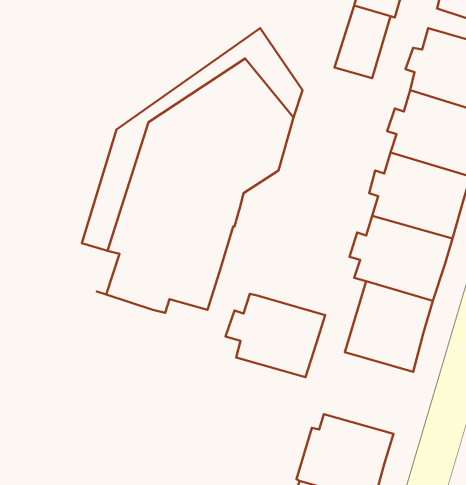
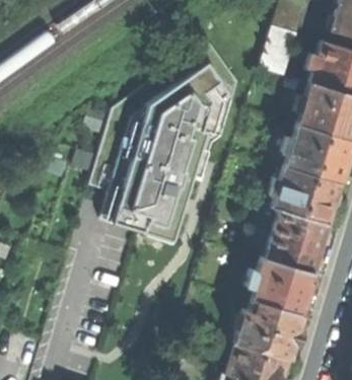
building: [225,294,325,377] -> [247,258,313,314]

